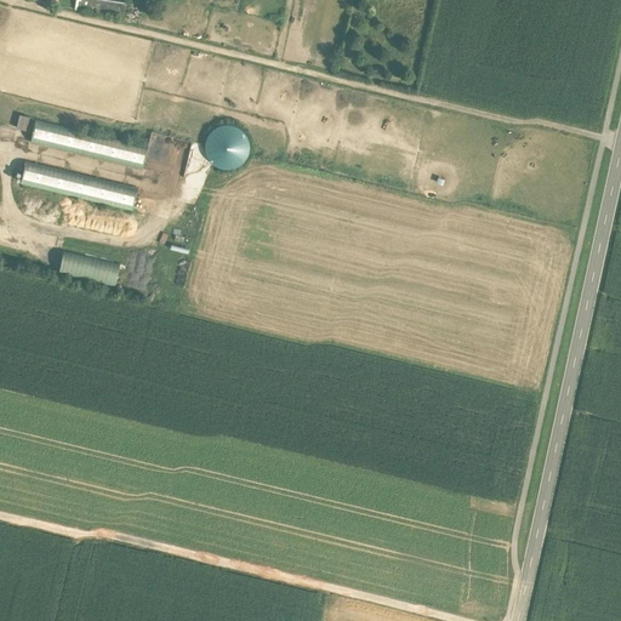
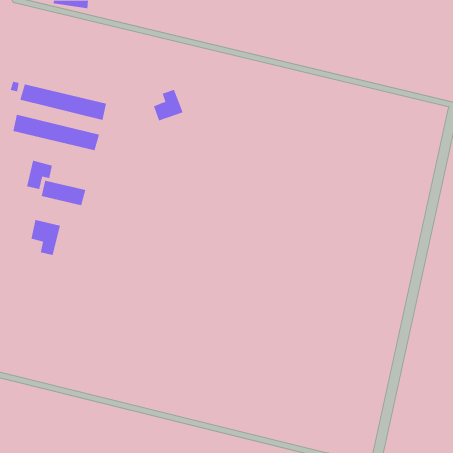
building: none -> [26,160,53,190]
building: none -> [31,219,61,256]

